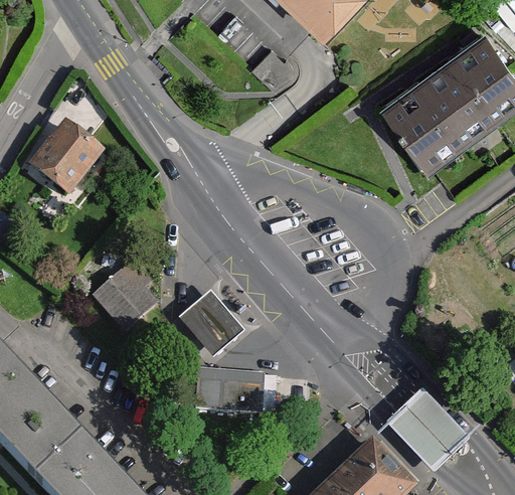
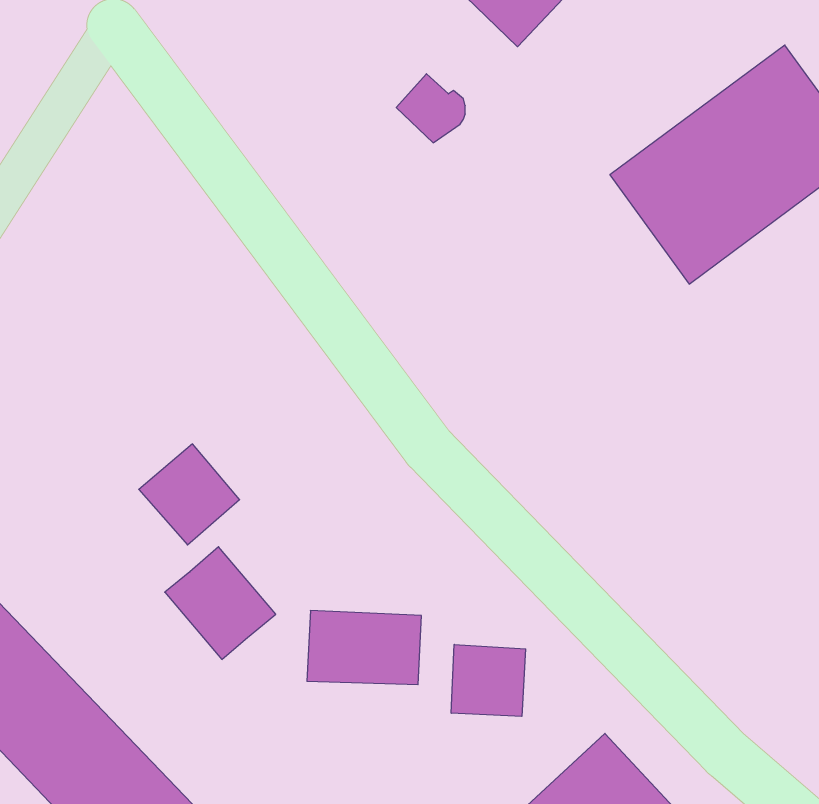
building: [33,123,101,193] -> none
building: [179,290,245,357] -> [165,547,276,659]
building: [386,388,466,471] -> none
building: none -> [451,644,526,716]

